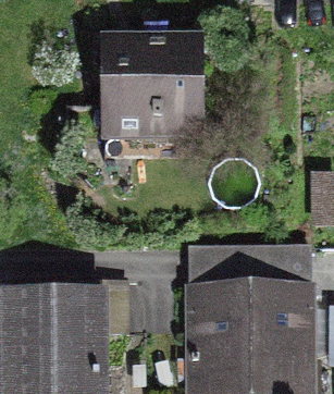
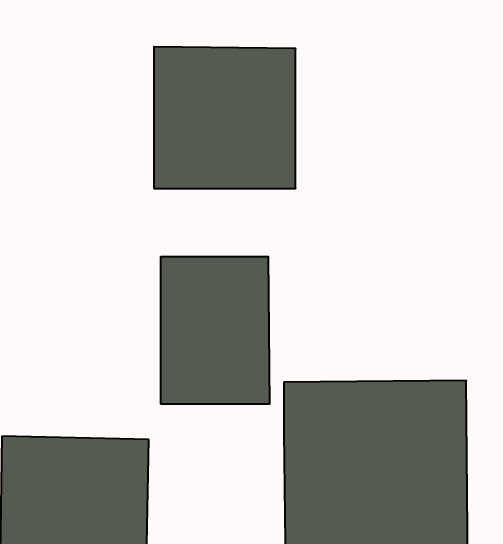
building: none -> [161,257,270,404]

